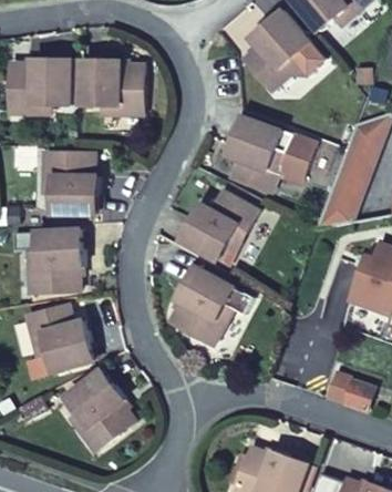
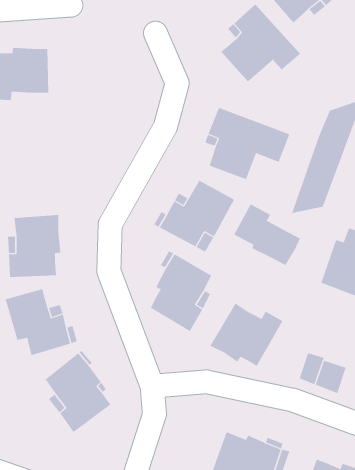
building: [81,59,143,114] -> none
building: [44,151,97,214] -> none
building: none -> [233,203,301,266]
building: none -> [210,303,283,367]

